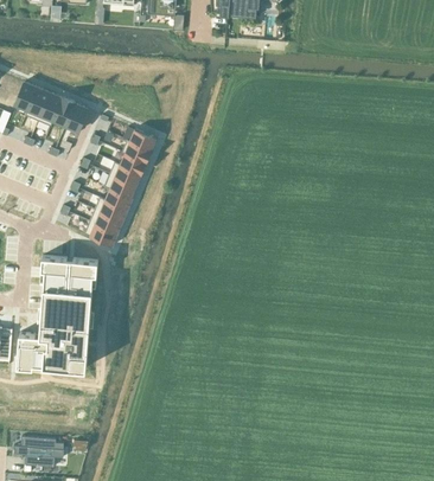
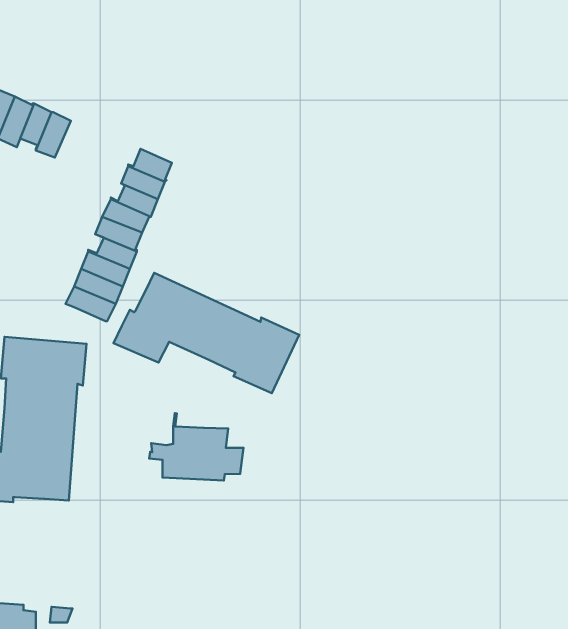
building: none -> [113,273,299,393]
building: none -> [149,413,243,481]

